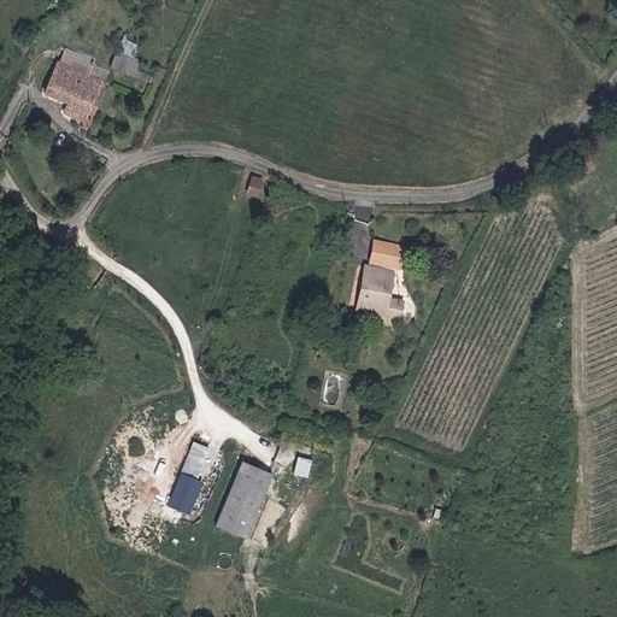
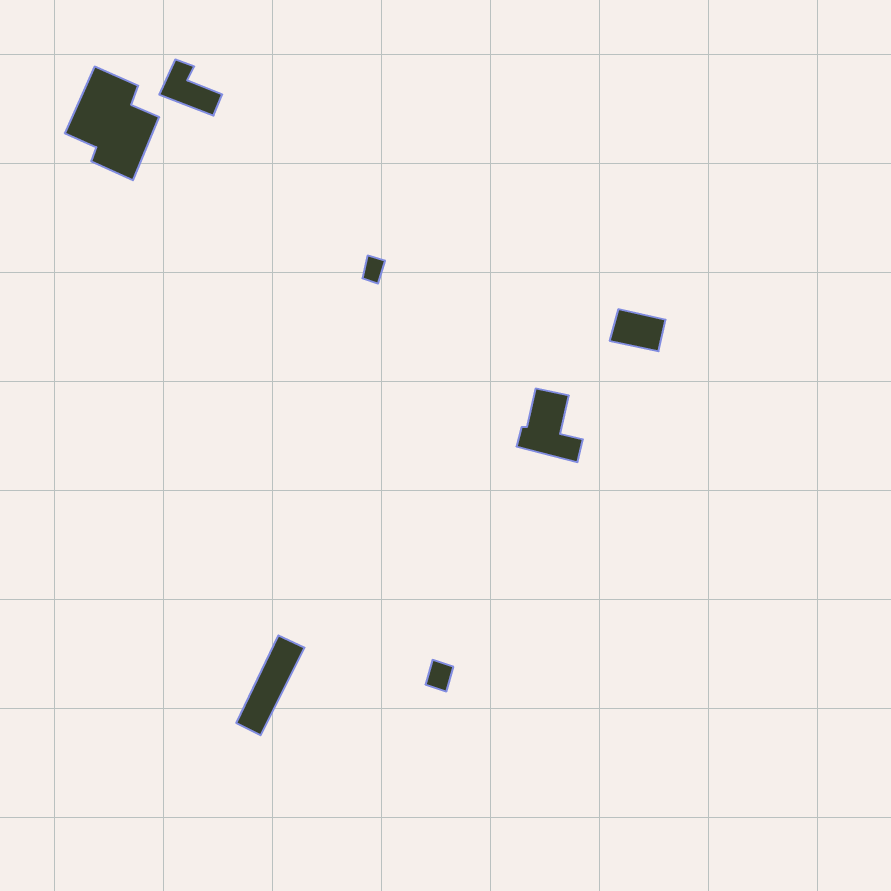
building: [372,240,411,269] -> [610,309,666,351]
building: [211,462,270,537] -> none

